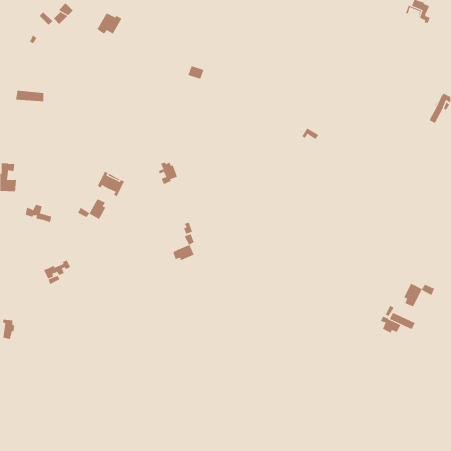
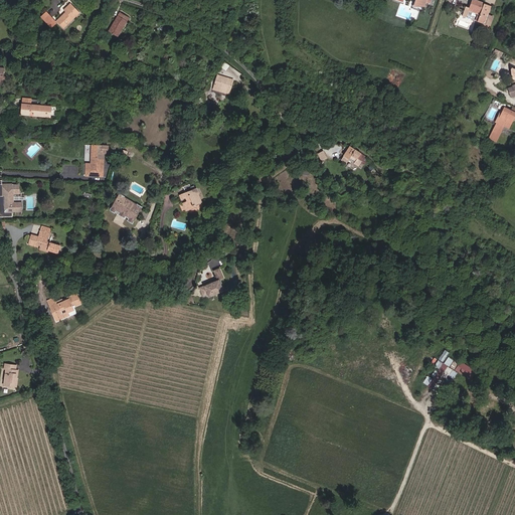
building: none -> [82,145,106,176]
building: [78,198,106,220] -> none
building: [404,283,435,307] -> none

